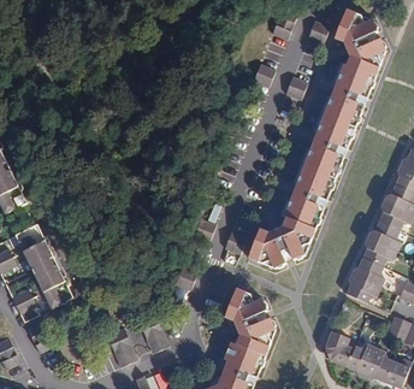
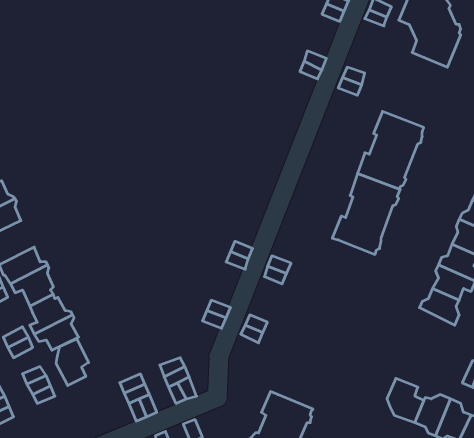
building: [321,63,374,126] -> none
building: [249,218,315,269] -> none
building: [347,273,380,303] -> none
building: [225,289,276,356] -> none
building: none -> [56,339,89,386]

